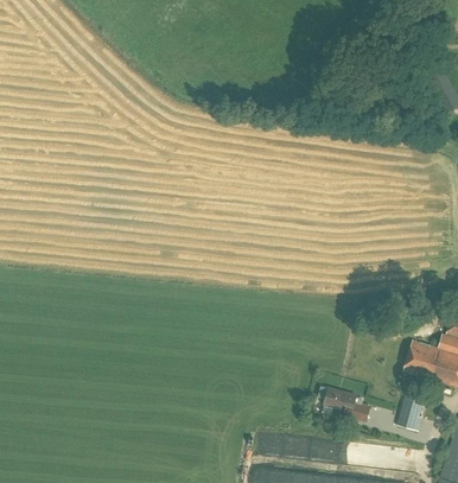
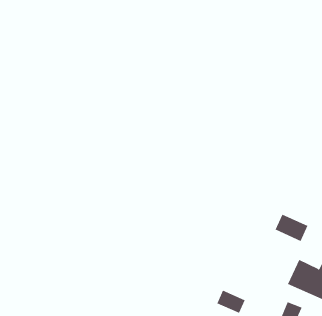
building: none -> [275,214,308,242]

